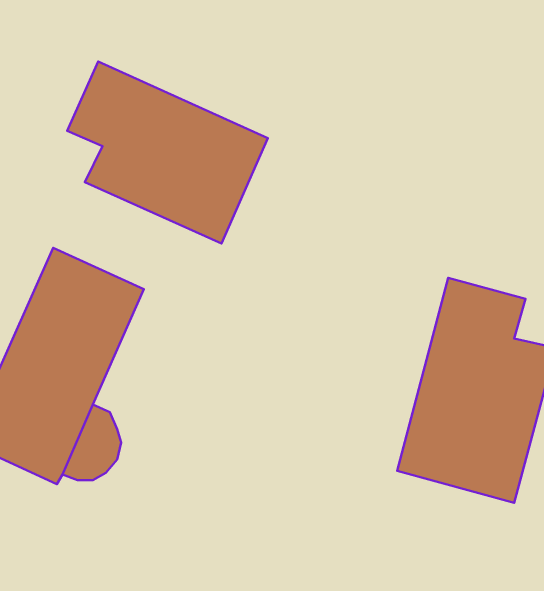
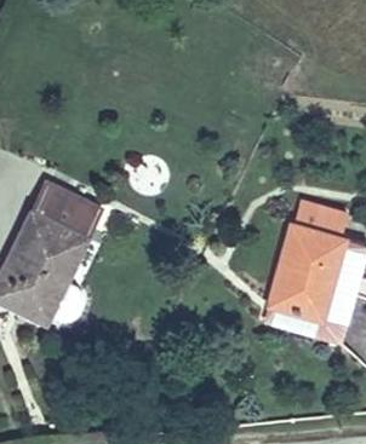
building: [67,62,268,243] -> none

